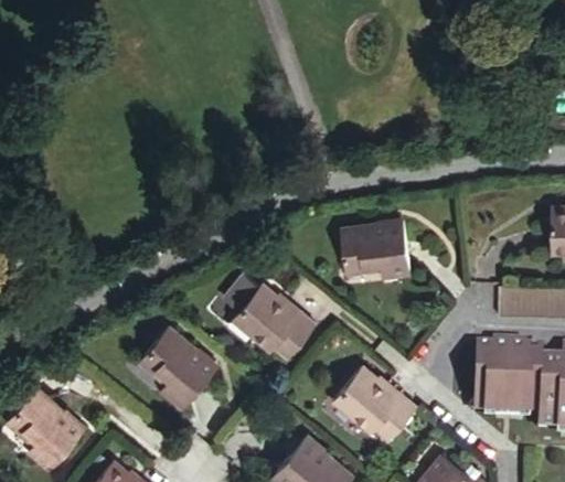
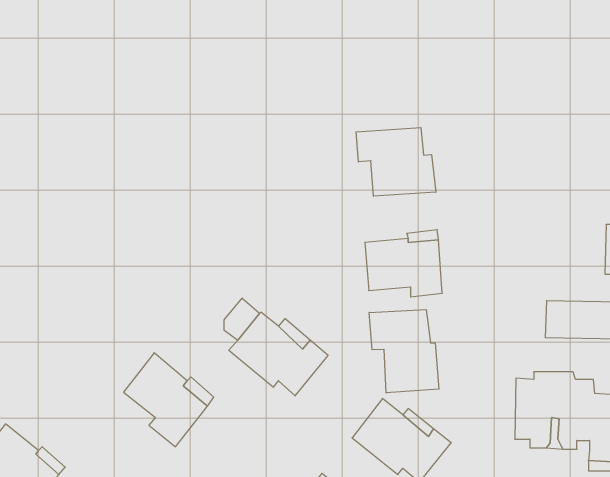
building: none -> [356,128,436,196]
building: none -> [369,310,439,393]

